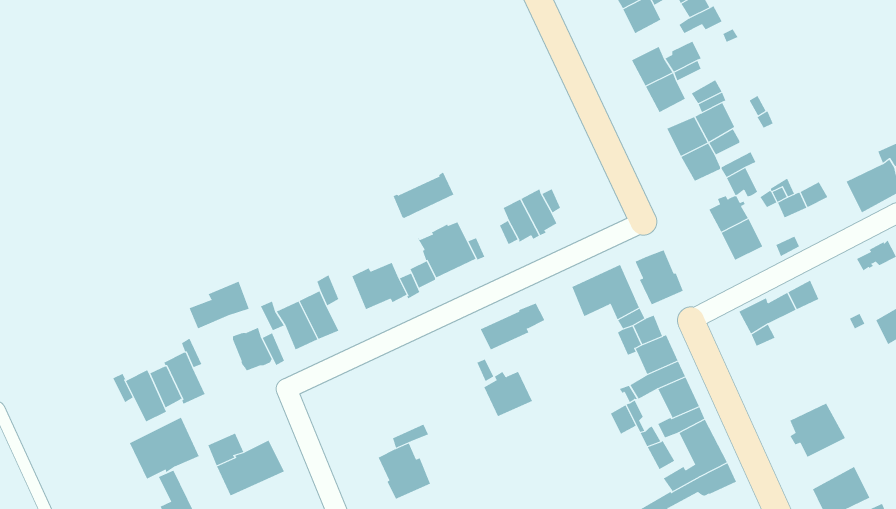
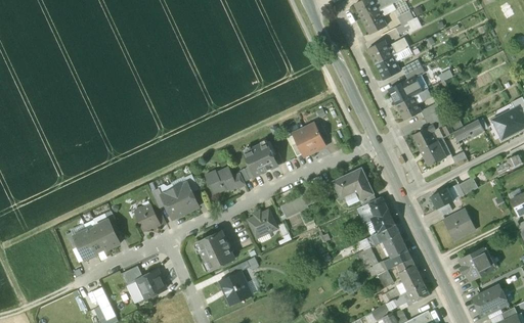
building: [393,172,454,219] -> none
building: [633,249,684,305] -> none
building: [189,281,250,329] -> none
building: none -> [443,209,475,240]
building: [483,371,533,417] -> [248,211,276,237]
building: none -> [196,231,233,270]
building: [129,417,199,479] -> none

